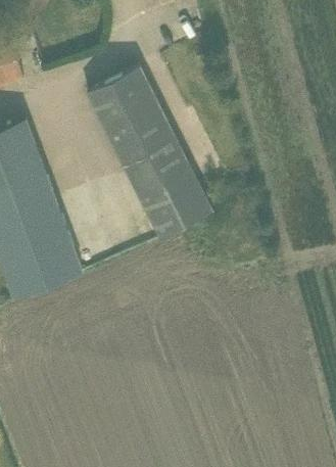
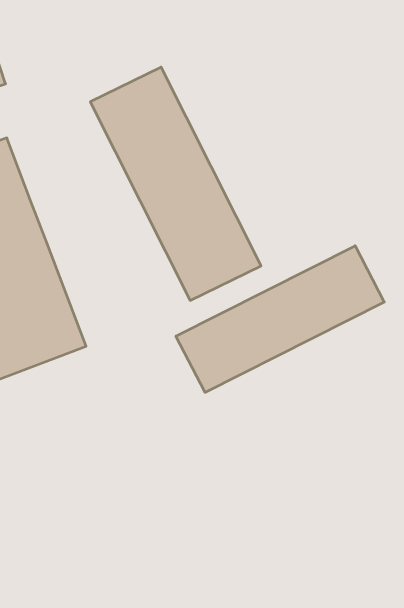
building: none -> [176,246,384,392]

